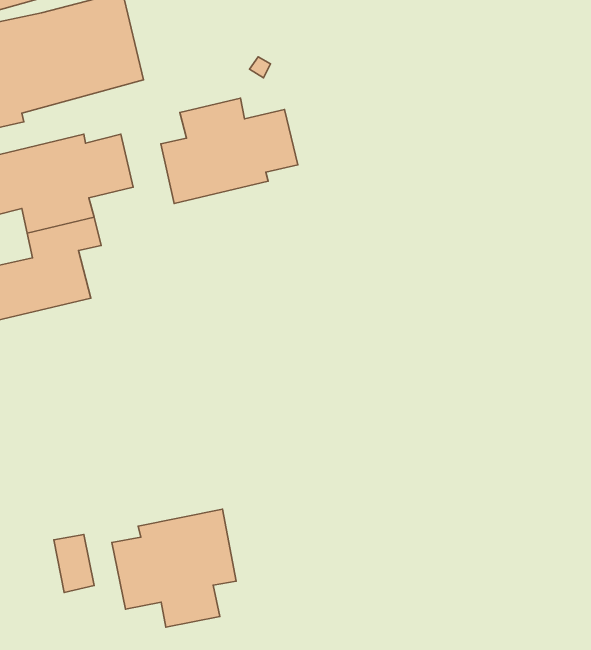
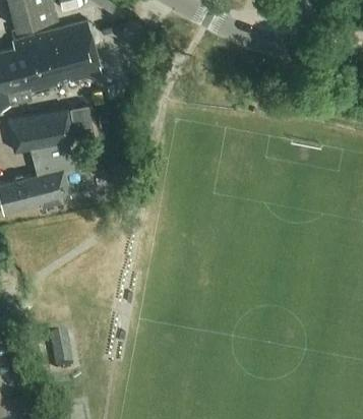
building: [161,98,298,203] -> none
building: [112,509,236,627] -> none

